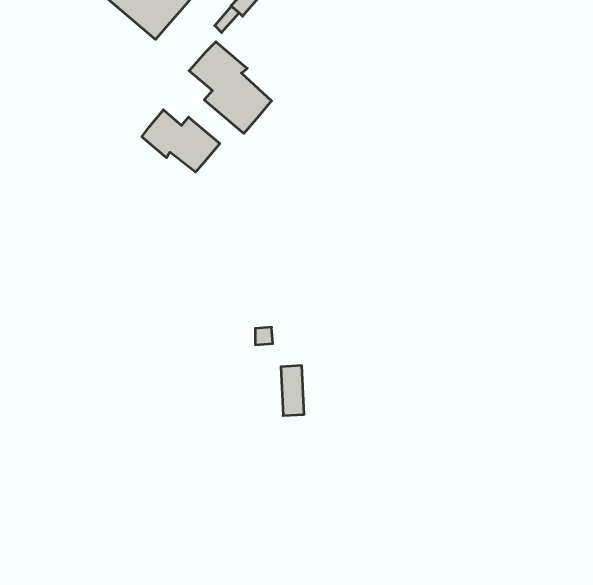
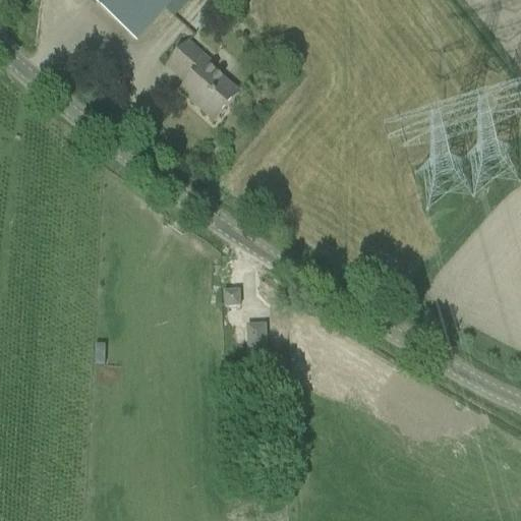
building: [142,110,220,172] -> none

